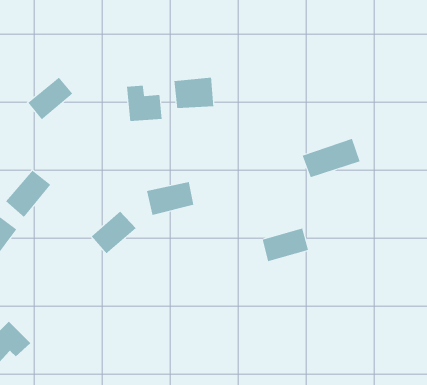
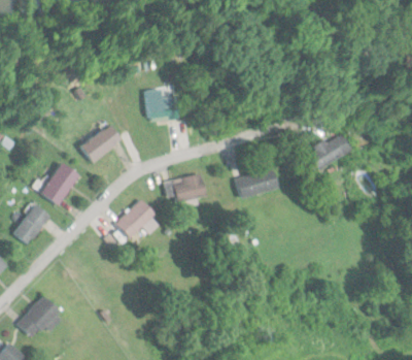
building: [174,77,214,109] -> none
building: [27,77,73,120] -> [81,124,122,162]
building: [262,228,309,262] -> [236,168,277,198]

